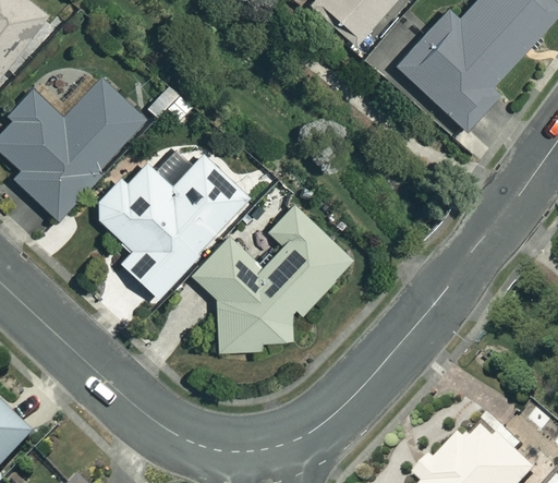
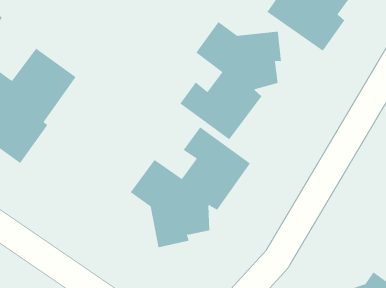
building: none -> [180,21,281,140]
building: [89,153,245,295] -> none

